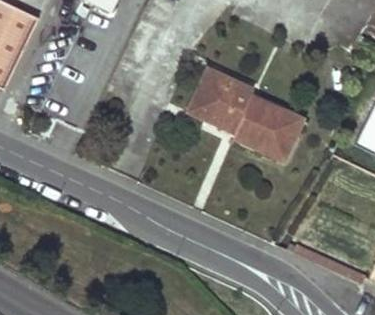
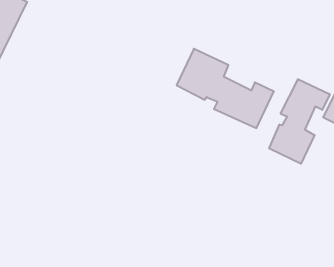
building: none -> [269,79,330,164]

